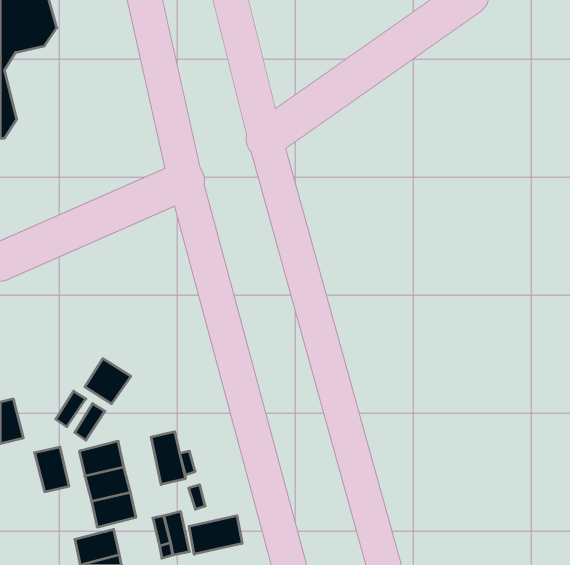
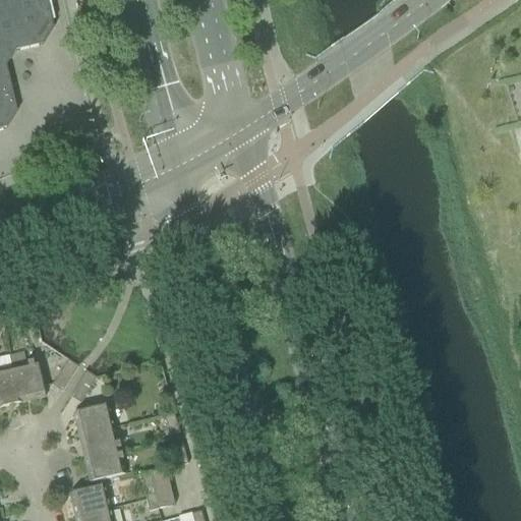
building: [85,359,131,404] -> none
building: [151,432,185,485] -> none
building: [34,447,69,492] -> [12,359,44,400]
building: [189,516,242,554] -> none

